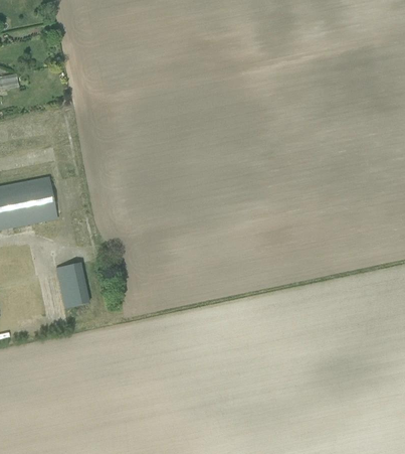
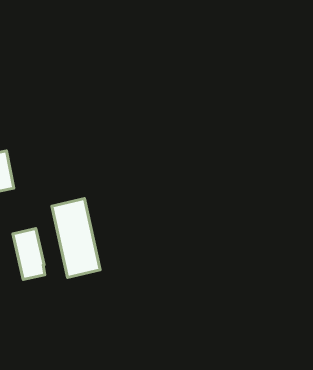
building: none -> [52,199,100,277]

